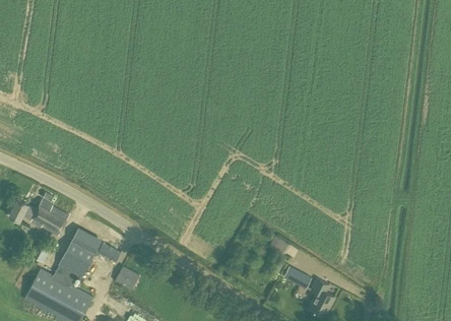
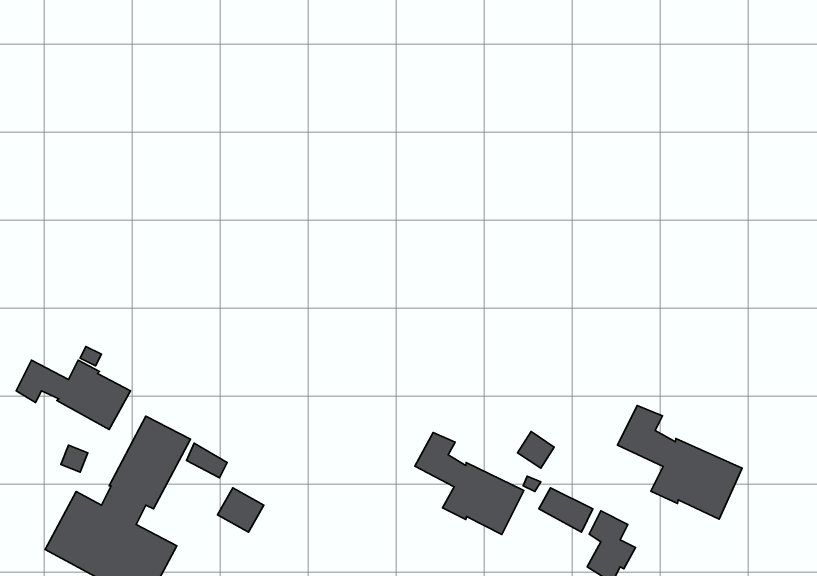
building: none -> [617,406,742,519]
building: none -> [415,432,524,535]

